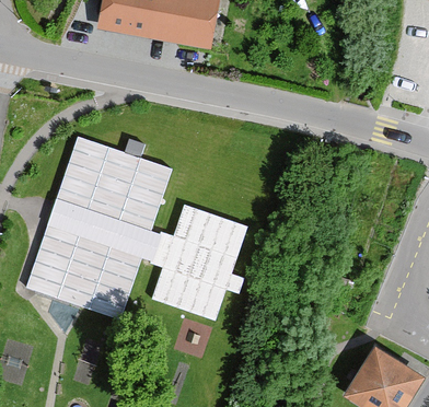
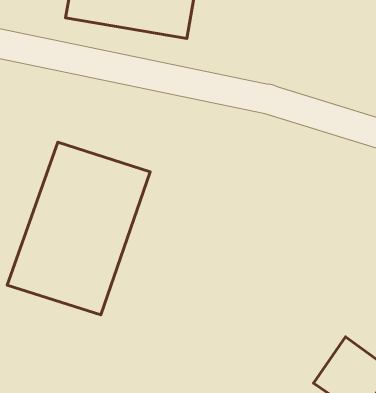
building: [156,212,244,325] -> none

